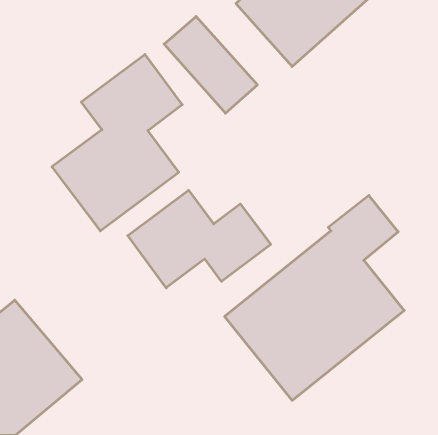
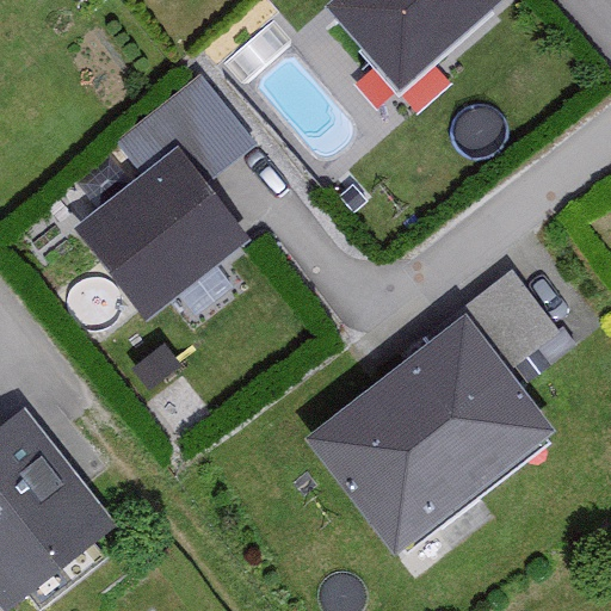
building: [128,190,271,288] -> none

